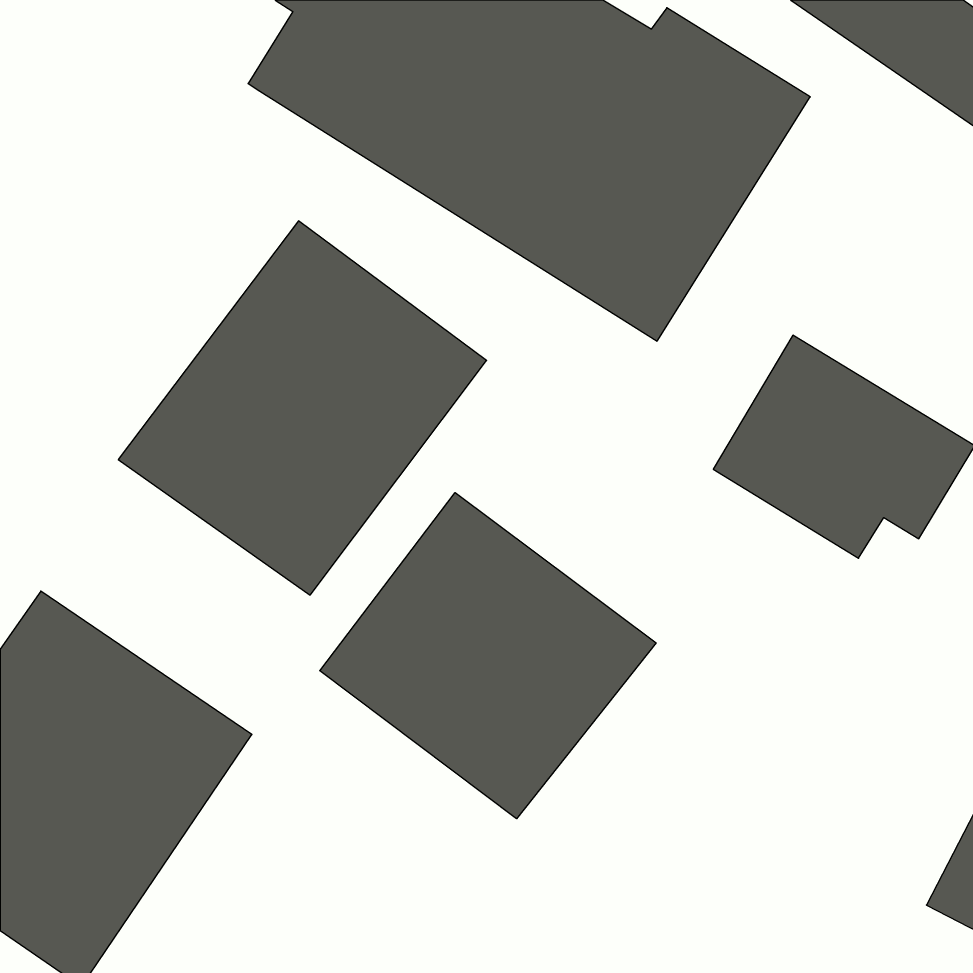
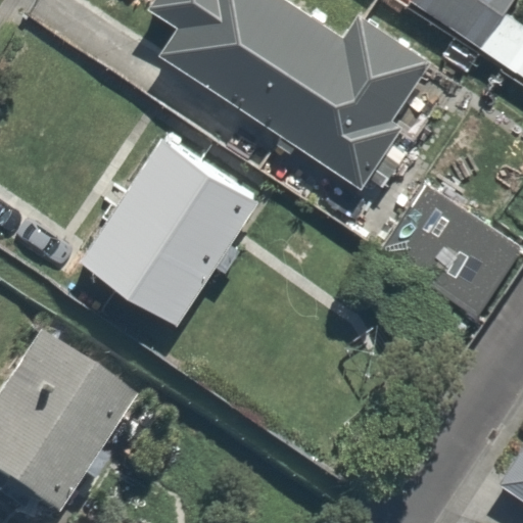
building: [320,493,656,819] -> none

